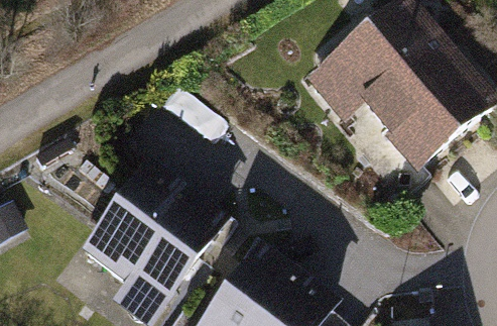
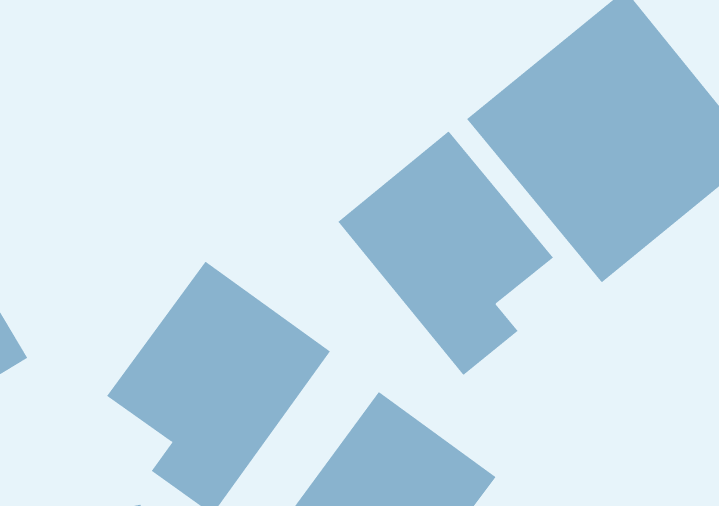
building: none -> [337,131,554,376]

